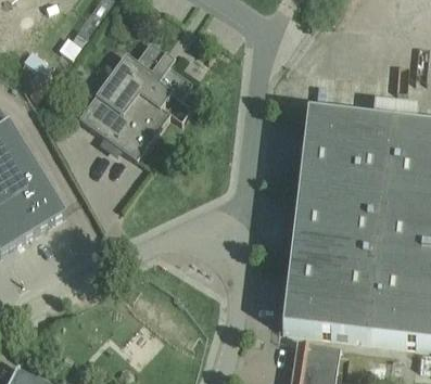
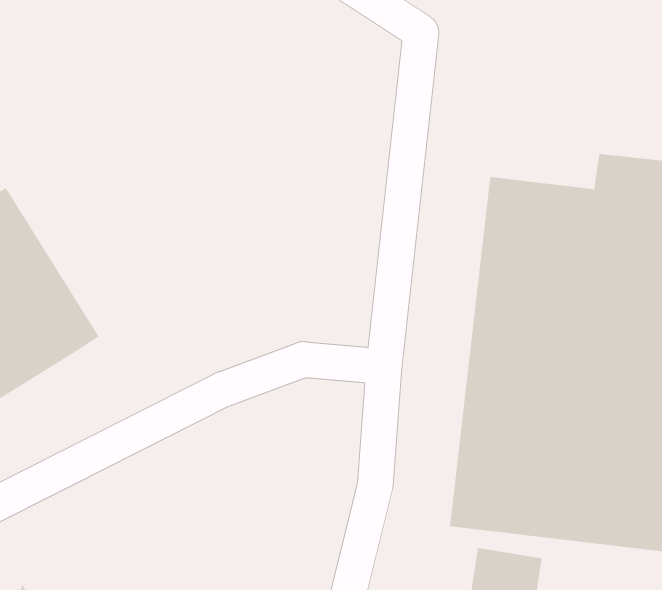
building: [79,41,192,159] -> none

